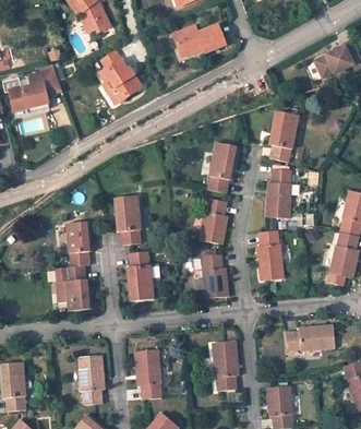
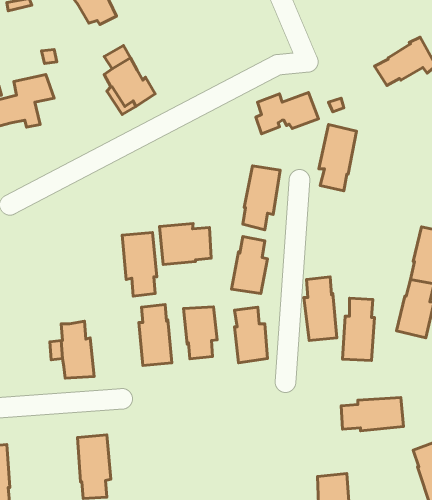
building: [176,24,225,57] -> [256,92,318,134]
building: [266,169,291,218] -> [342,298,374,360]
building: none -> [159,224,211,265]
building: [67,222,92,267] -> none
building: none -> [184,307,217,359]
building: [213,341,238,392] -> none
building: [135,349,160,400] -> none

